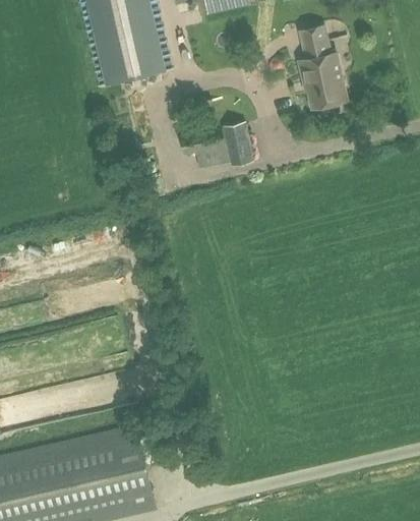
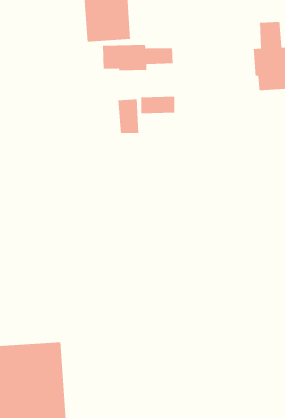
building: none -> [102,44,174,71]
building: [223,122,253,165] -> [117,99,139,134]

